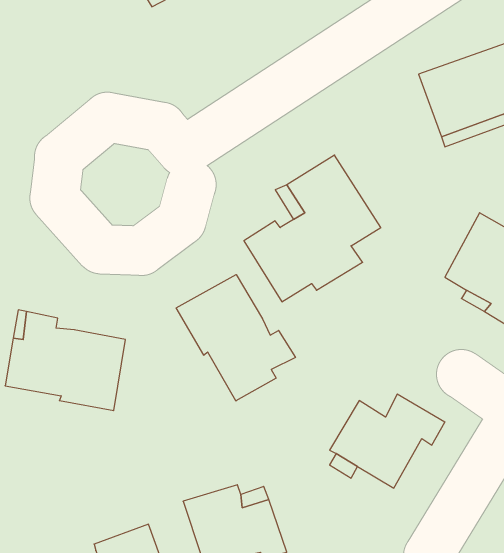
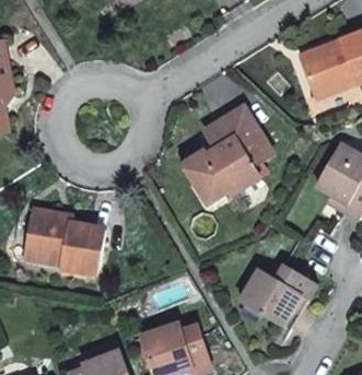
building: [176,275,295,401] -> none

